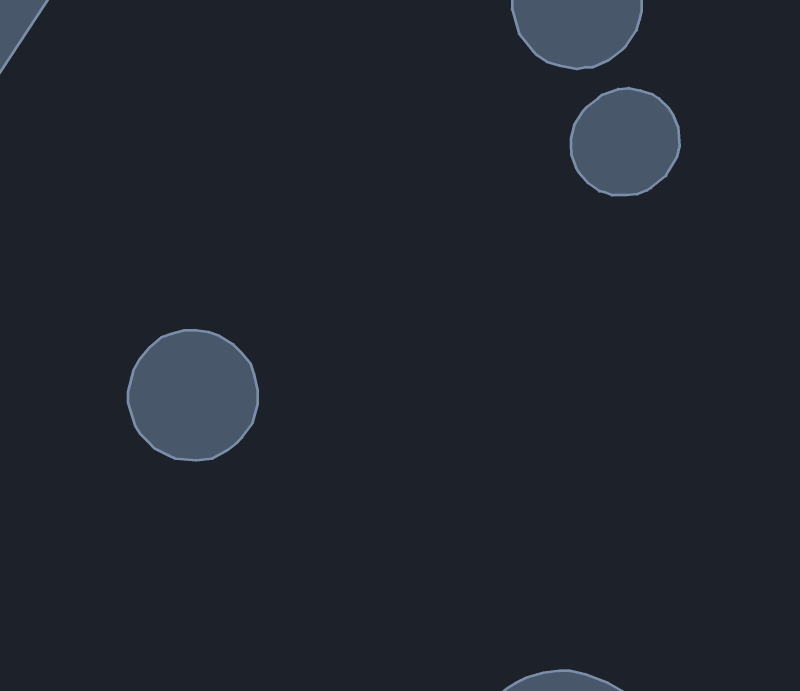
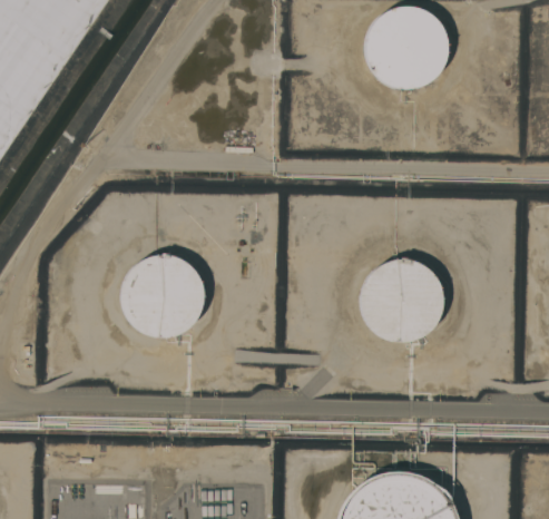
building: [571,88,680,195] -> none
building: none -> [361,260,443,342]

